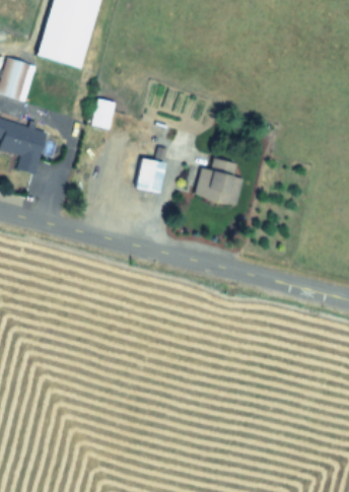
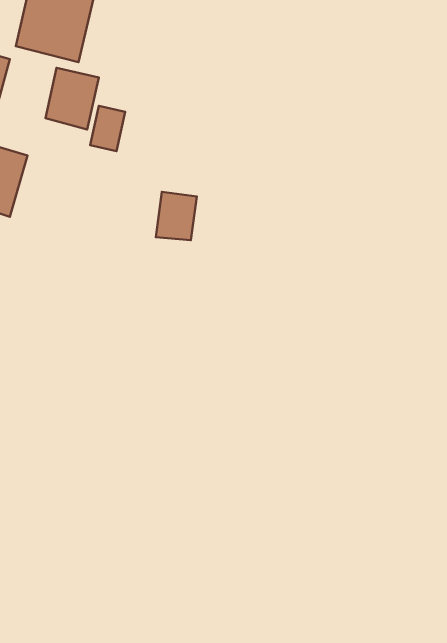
building: none -> [45,68,99,129]
building: [194,157,242,207] -> none

